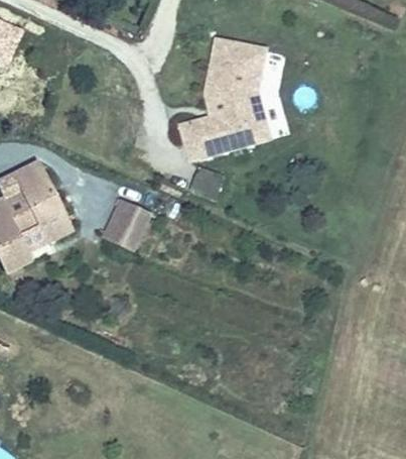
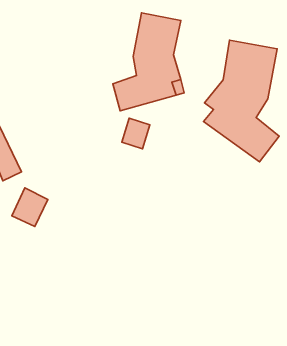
building: none -> [203,40,279,162]
building: [105,202,149,249] -> [12,188,48,227]

